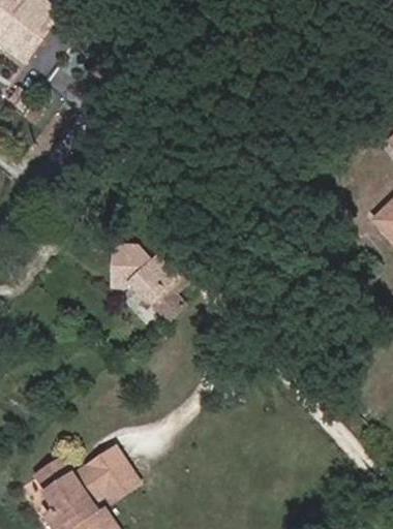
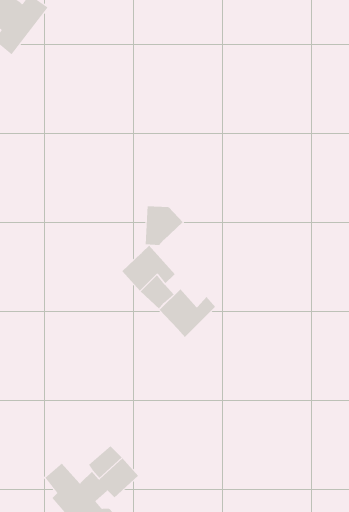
building: [109,242,148,282] -> [145,206,183,246]
building: none -> [159,288,216,338]

